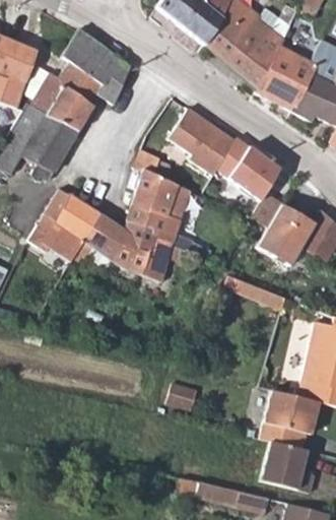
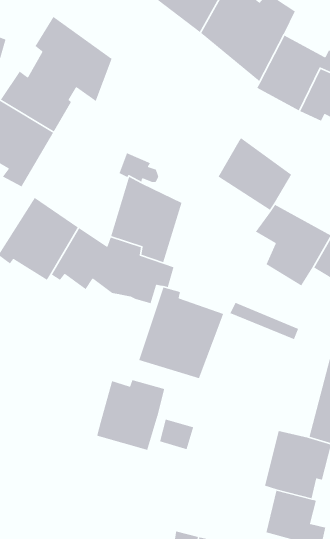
building: [173,107,239,174] -> none
building: none -> [138,287,224,379]
building: none -> [96,379,165,451]

